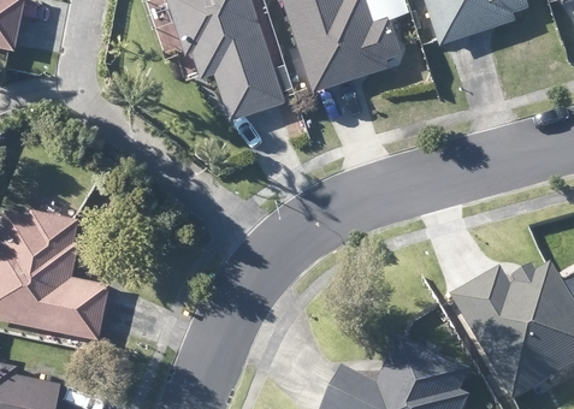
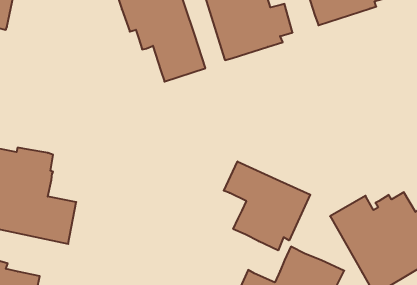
building: none -> [224,161,310,250]

